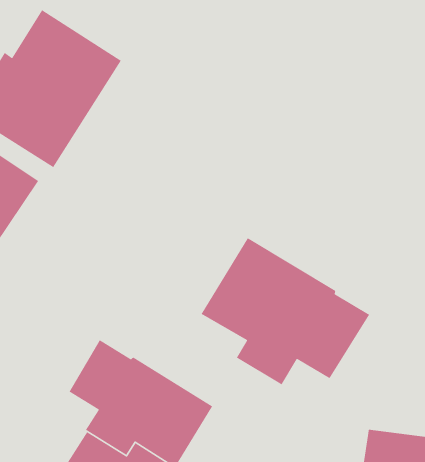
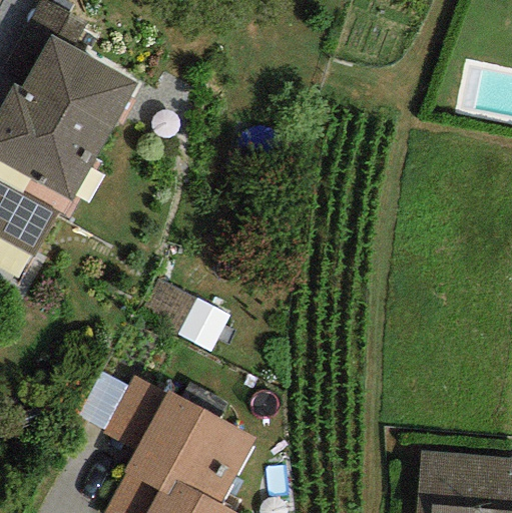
building: [201,237,370,385] -> none

